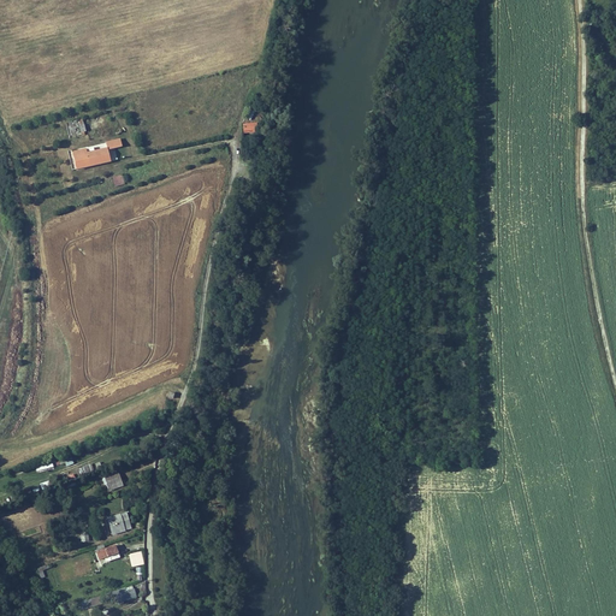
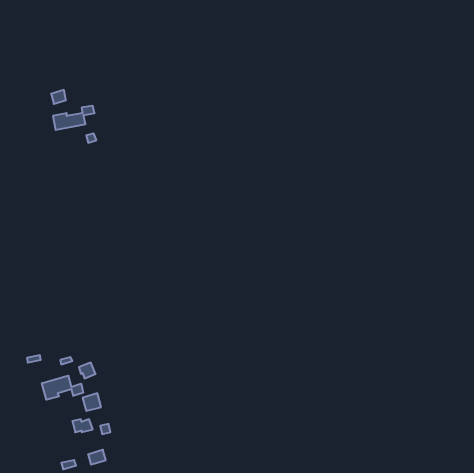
building: none -> [42,376,83,400]

